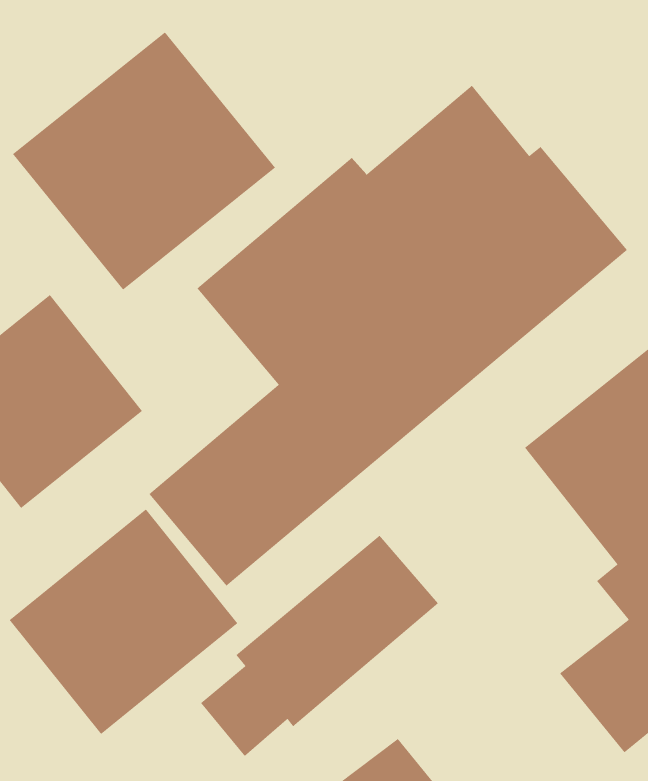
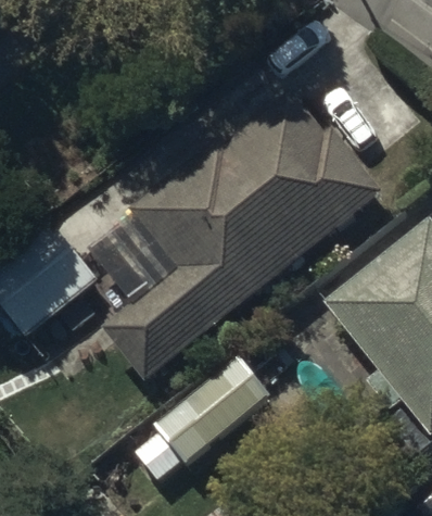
building: [12,31,276,291] -> none
building: [9,509,238,735] -> none

